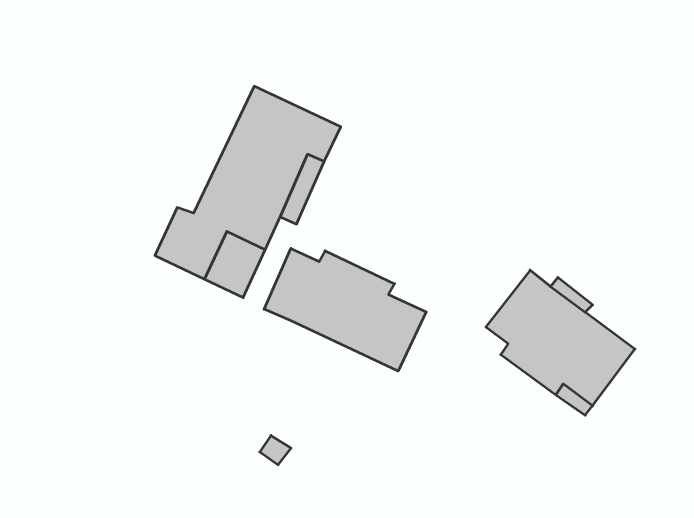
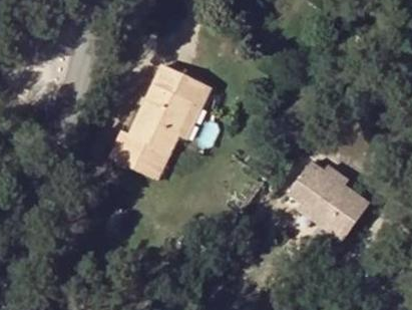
building: [264,248,426,371] -> none

